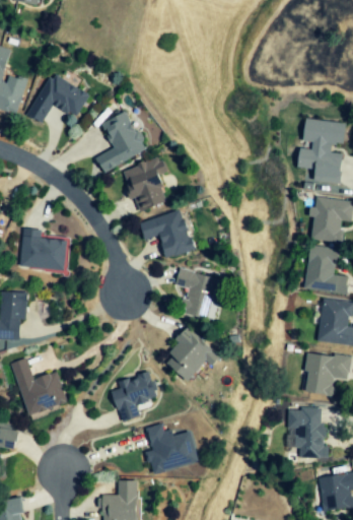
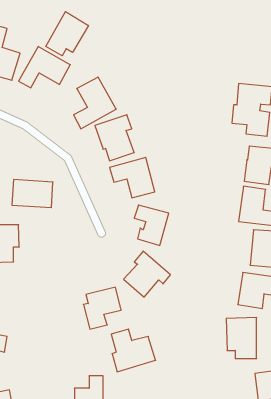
building: none -> [46,12,88,56]
building: [14,358,68,420] -> none

